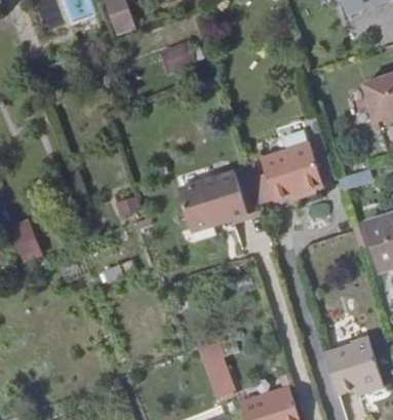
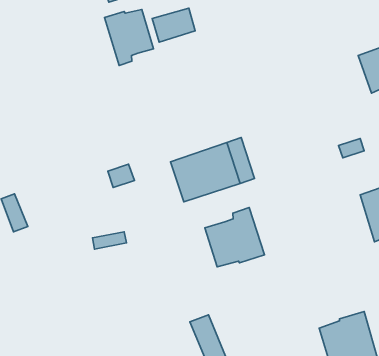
building: none -> [104,9,154,66]
building: [260,144,322,201] -> none
building: none -> [205,207,265,267]

